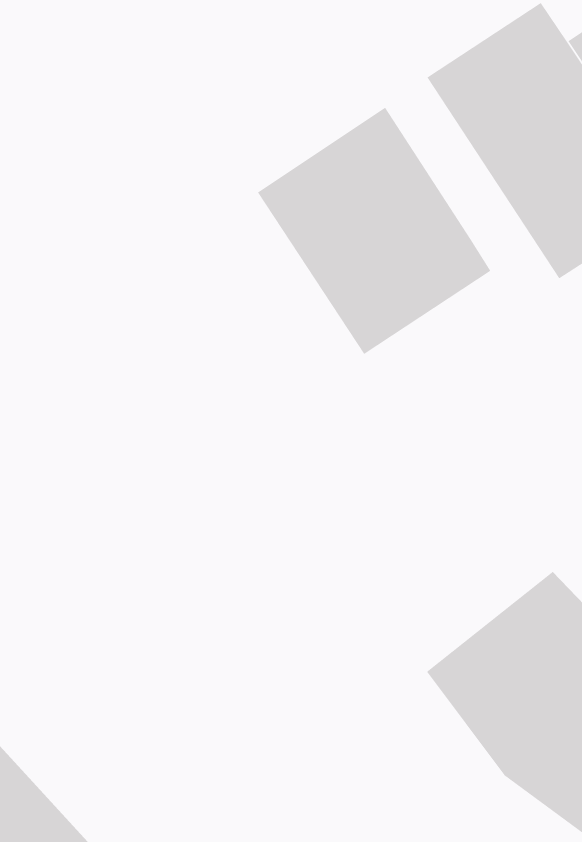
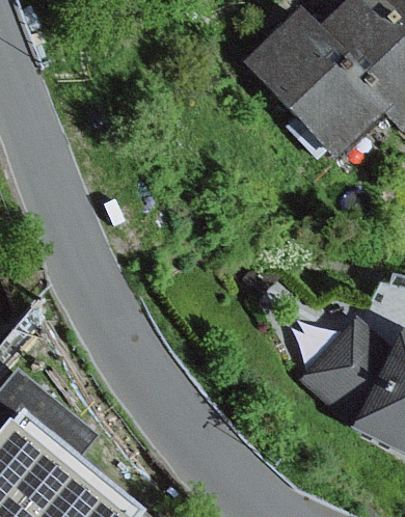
building: [257,107,491,355] -> none

